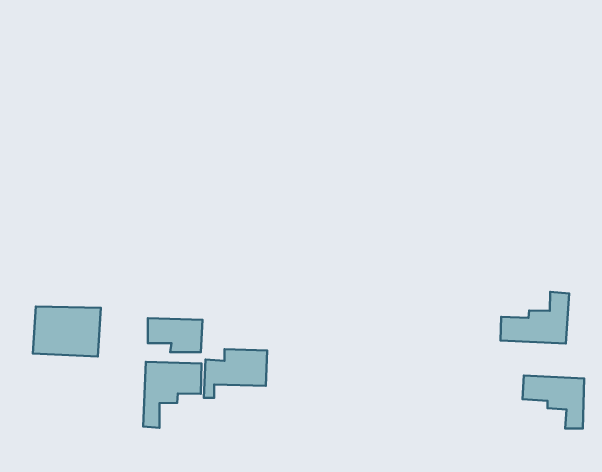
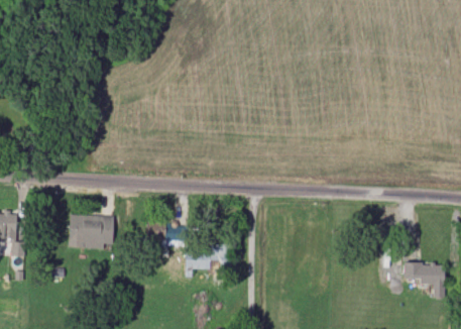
building: [500,292,569,344] -> none
building: [143,362,201,428] -> none

